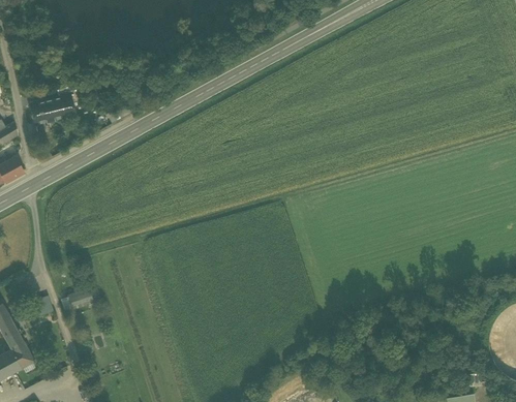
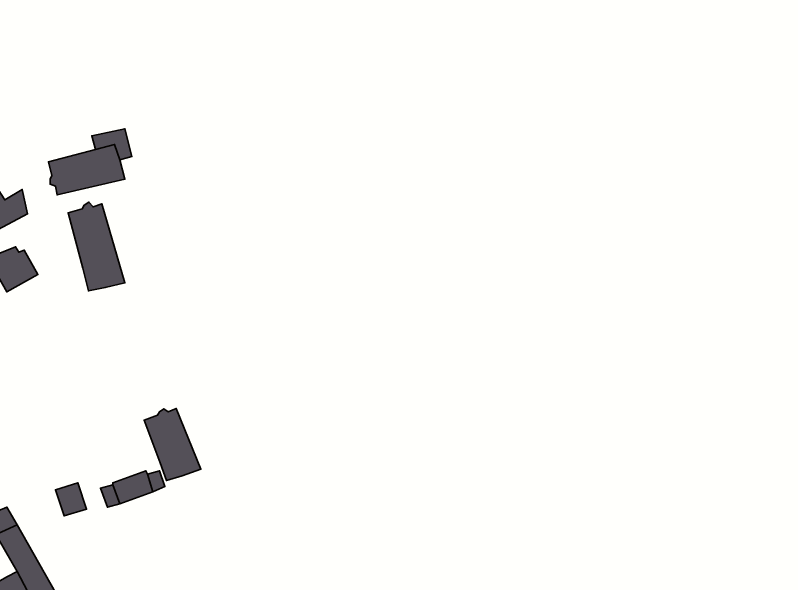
building: none -> [68,202,125,291]
building: none -> [144,408,201,480]

